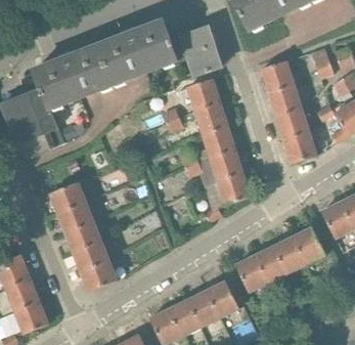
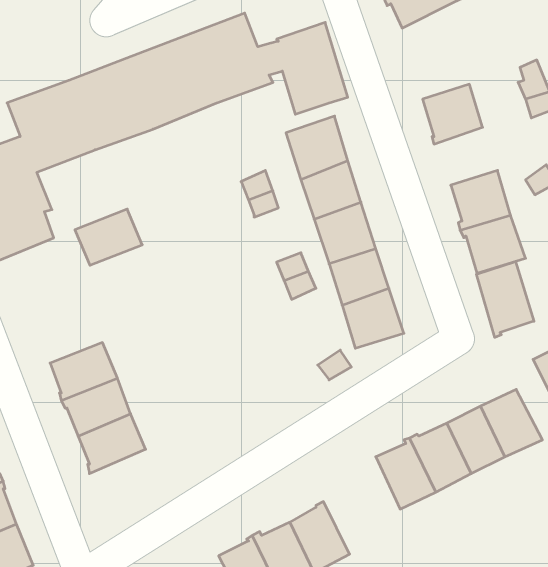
building: [266,84,301,116] -> none
building: none -> [476,261,534,337]
building: [48,182,85,213] -> [75,209,142,265]
building: [78,260,117,292] -> none
building: [206,281,238,317] -> none

